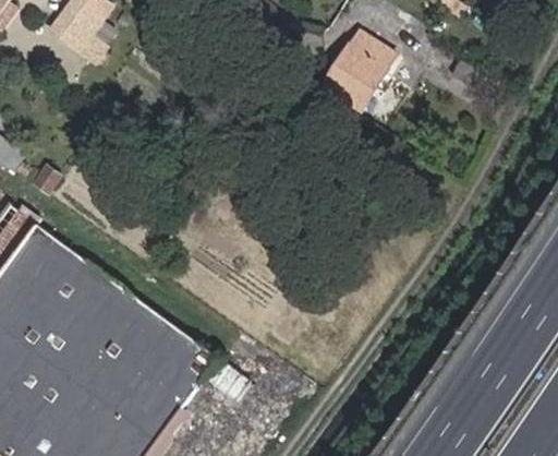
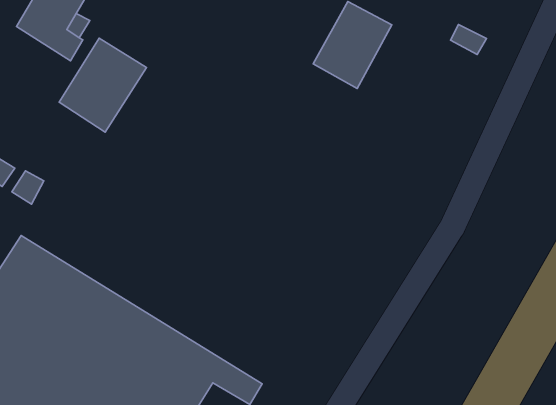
building: none -> [59,38,146,132]

